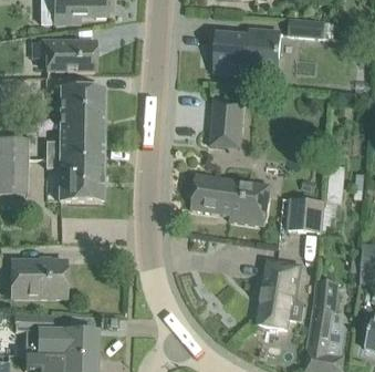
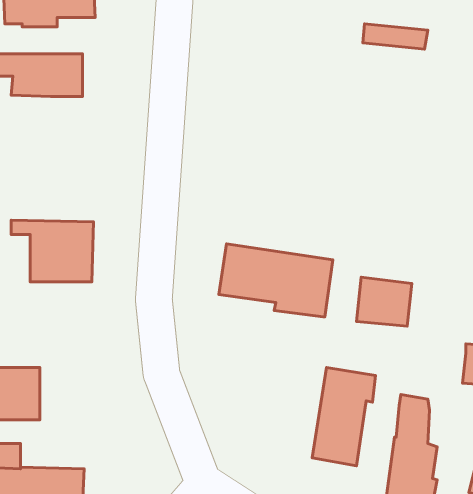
building: [213,31,280,74] -> none
building: [45,87,104,158] -> none
building: [210,99,243,147] -> none

